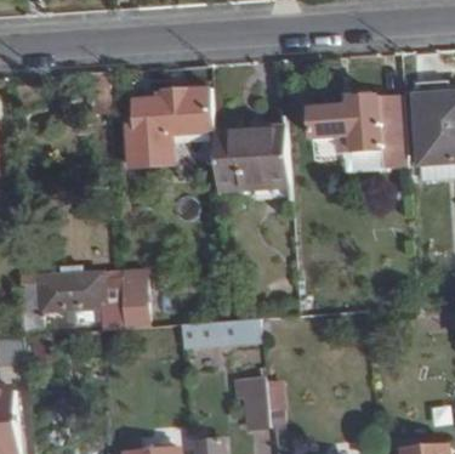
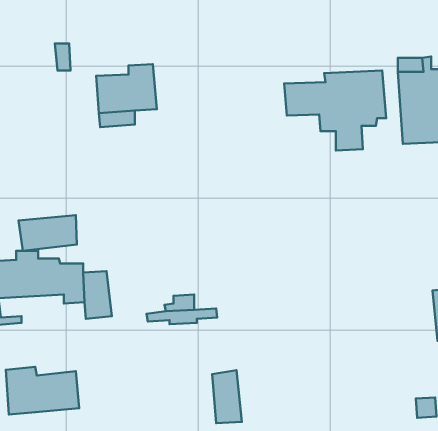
building: [214,127,289,194] -> none
building: none -> [19,215,77,251]
building: none -> [6,367,79,415]

